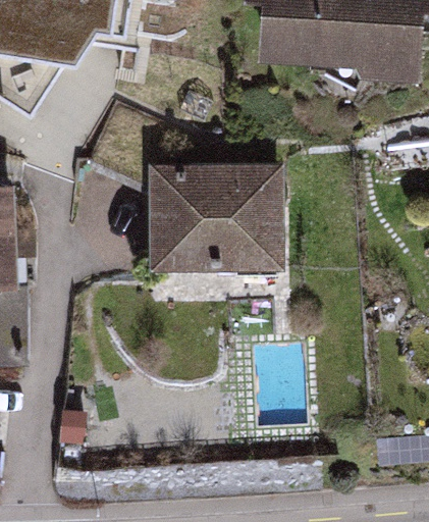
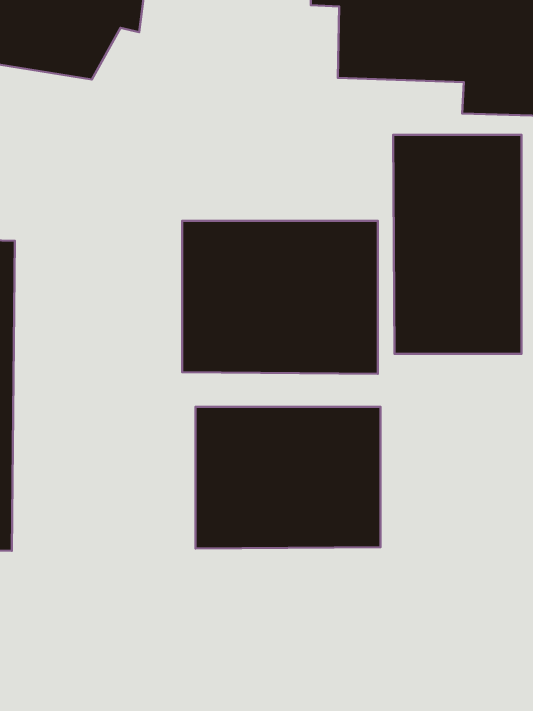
building: none -> [393,135,522,354]
building: none -> [195,407,380,549]

